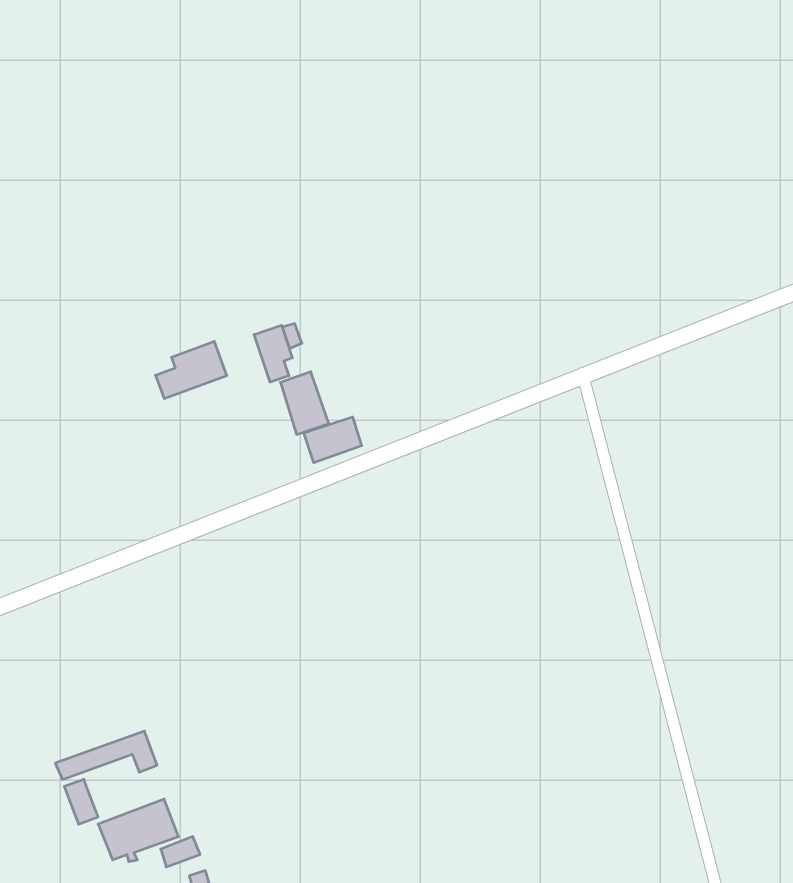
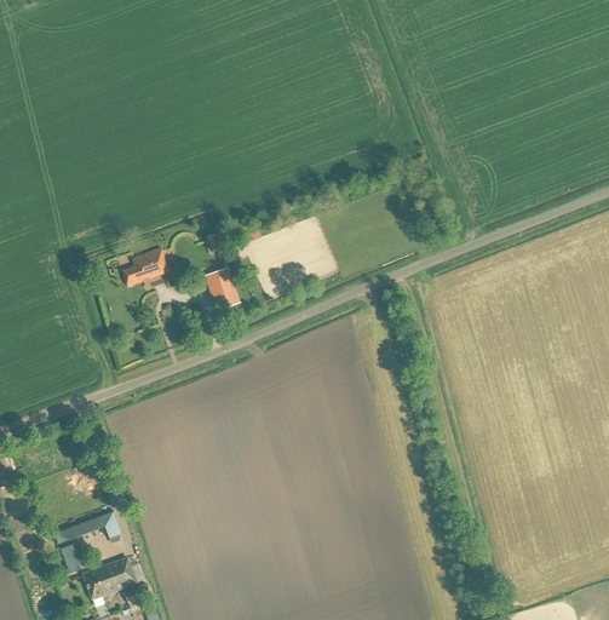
building: [254,325,292,382] -> none
building: [304,417,362,463] -> none

